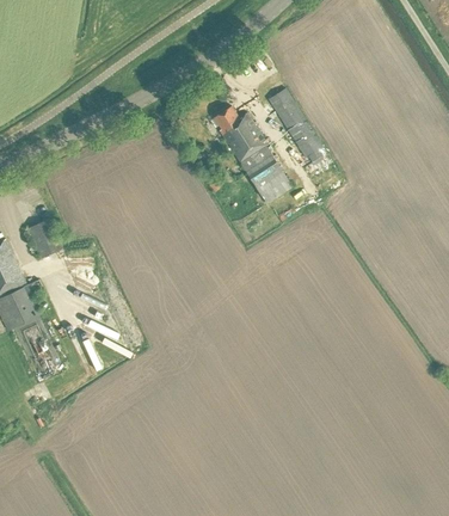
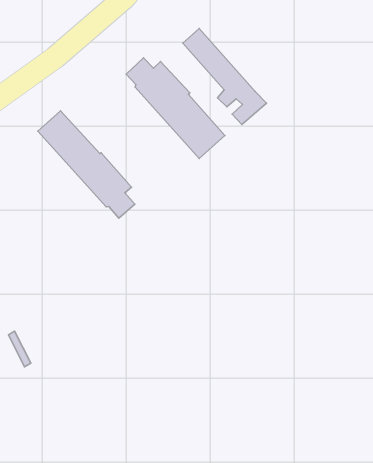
building: none -> [38,111,135,218]

